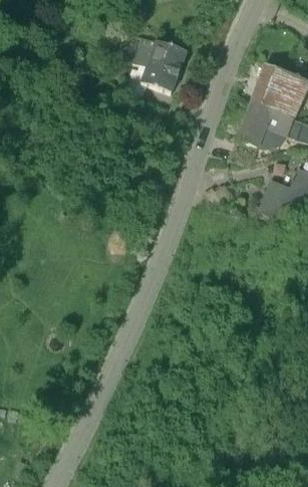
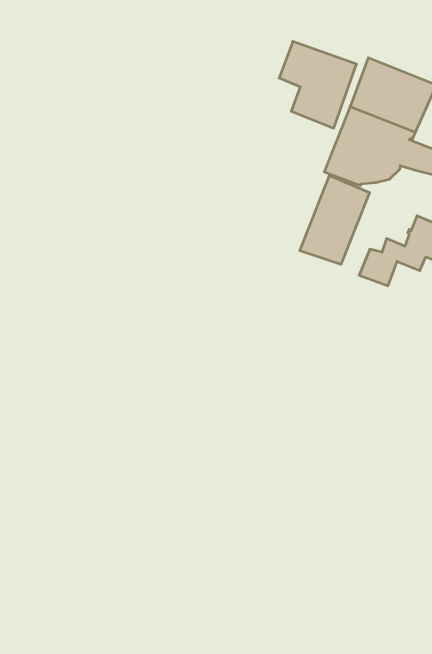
building: [134,35,186,92] -> [279,41,357,128]
building: none -> [300,175,370,264]

